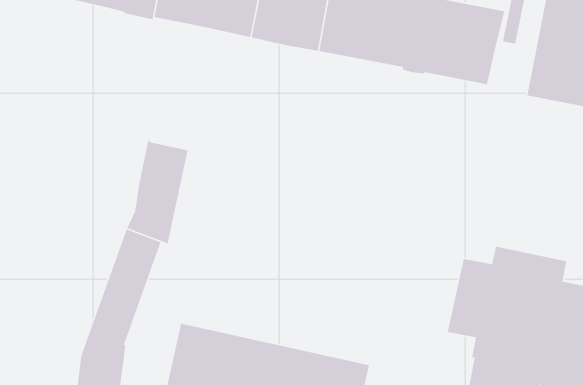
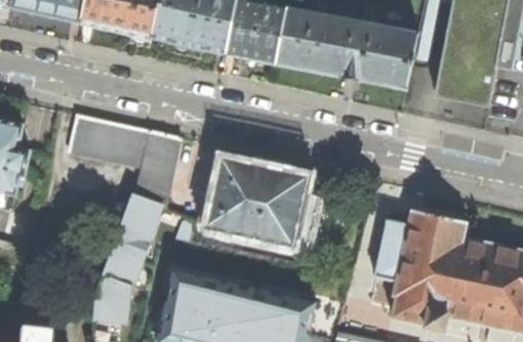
building: none -> [68,116,148,164]
building: none -> [206,157,318,248]

